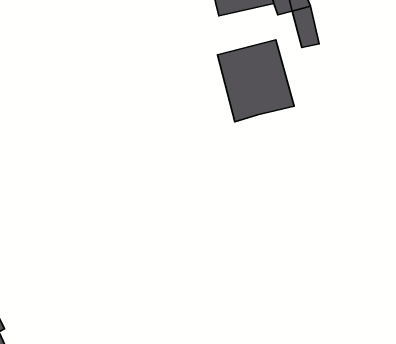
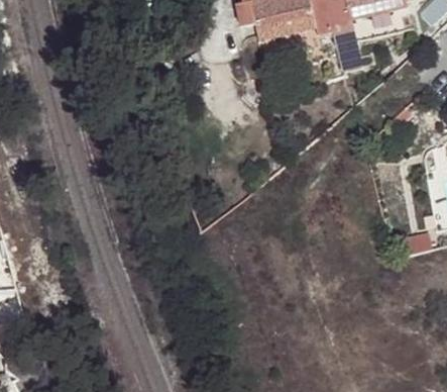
building: [218,40,294,122] -> none

